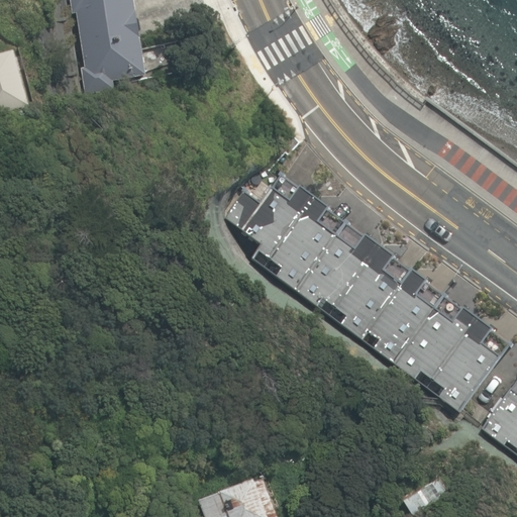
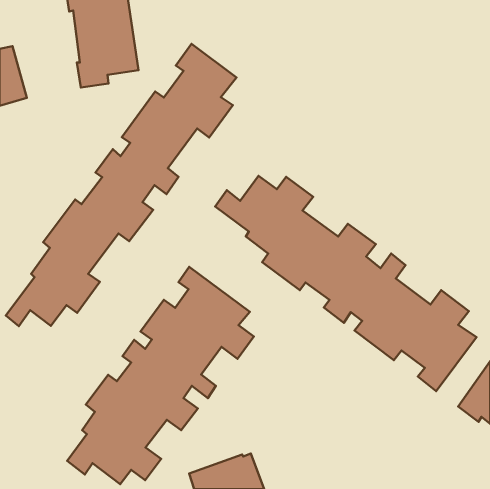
building: none -> [6,44,237,326]
building: none -> [67,267,254,484]

